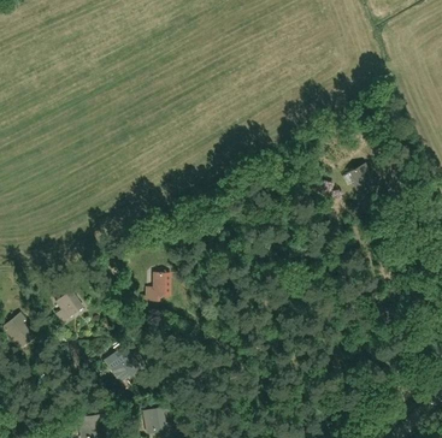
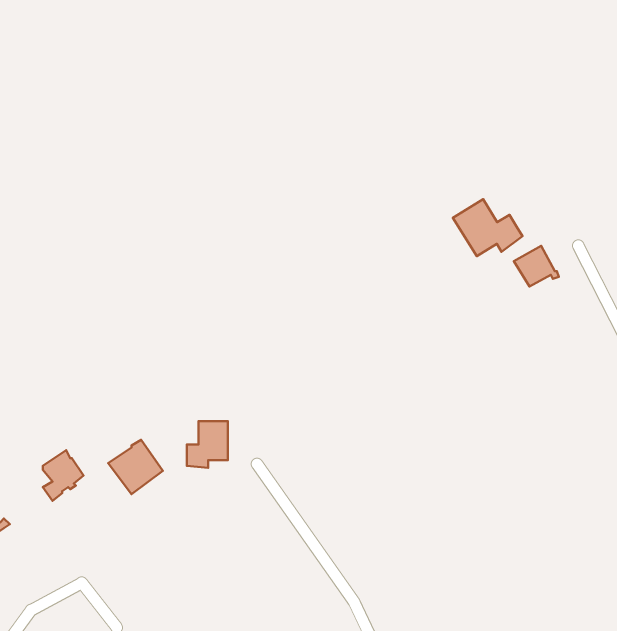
building: none -> [453,199,522,256]
building: [105,345,139,379] -> [108,440,163,494]

